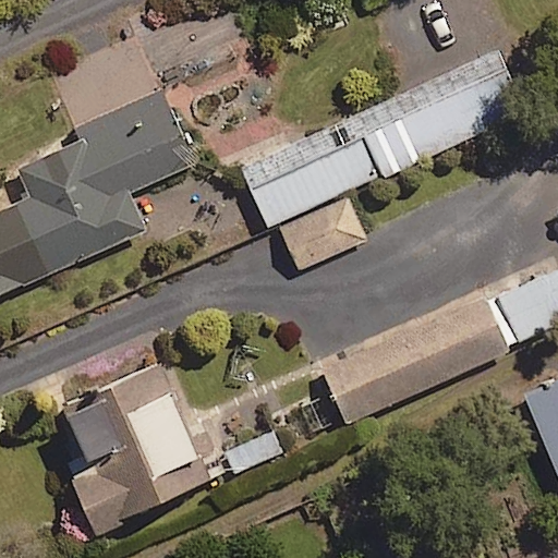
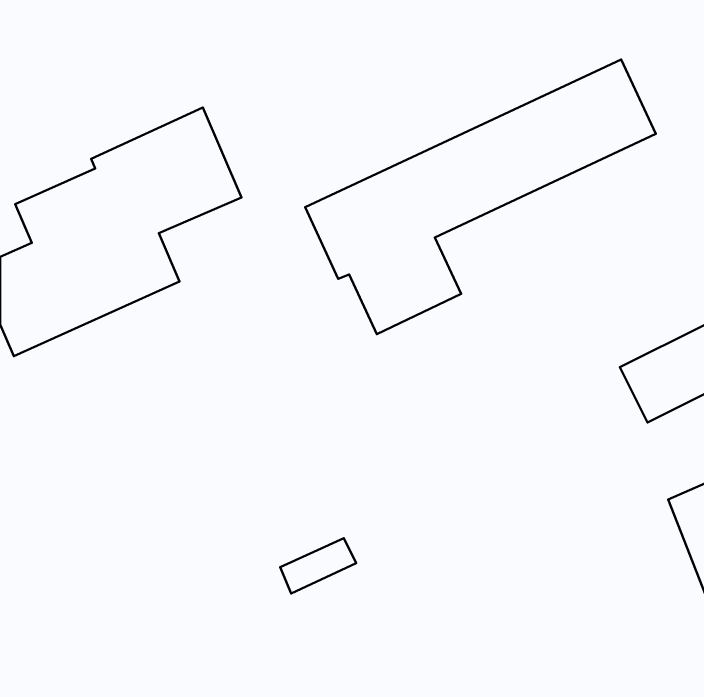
building: [322,296,506,422] -> none
building: [56,356,206,530] -> none

